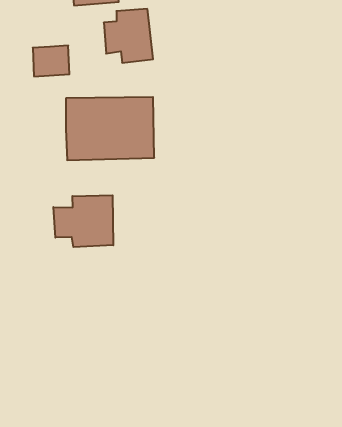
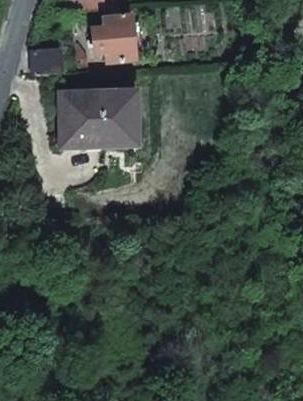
building: [53,195,113,247] -> none

